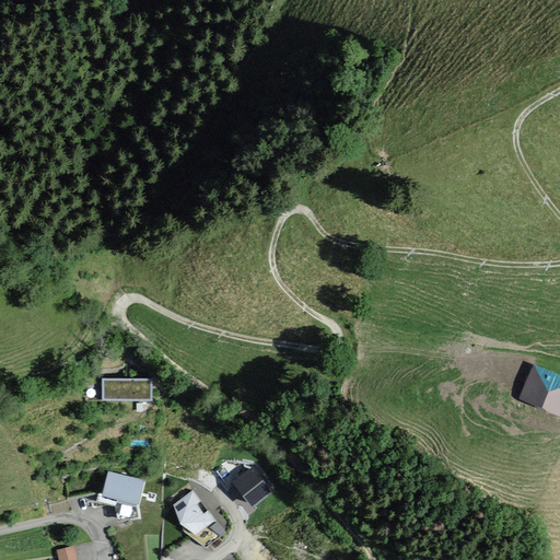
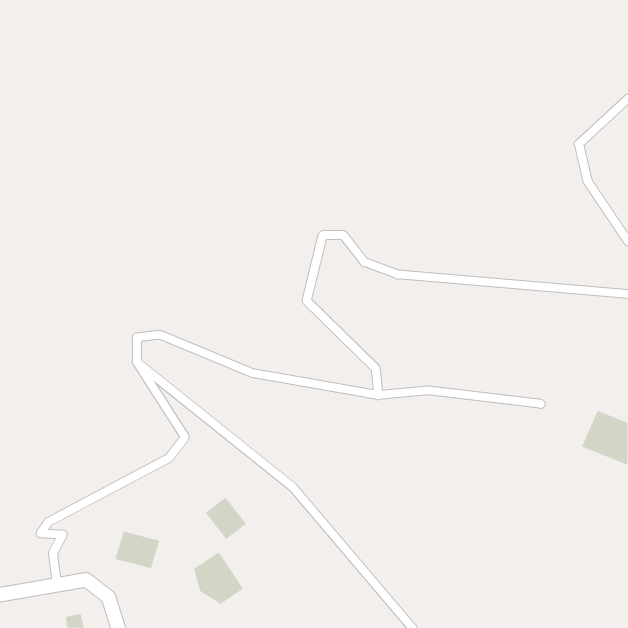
building: [102,378,150,398] -> none
building: [233,467,270,505] -> [205,497,247,540]

